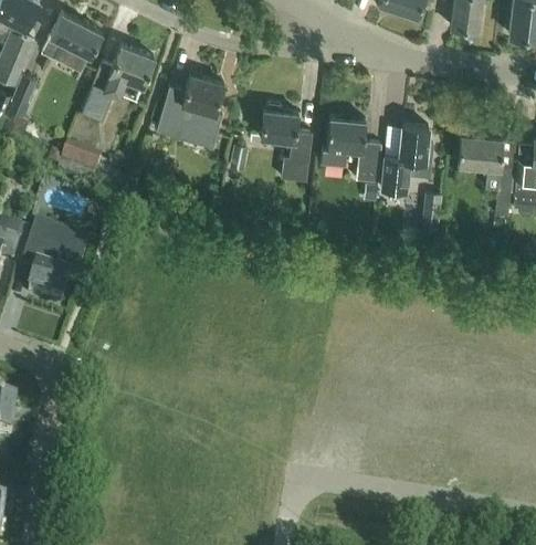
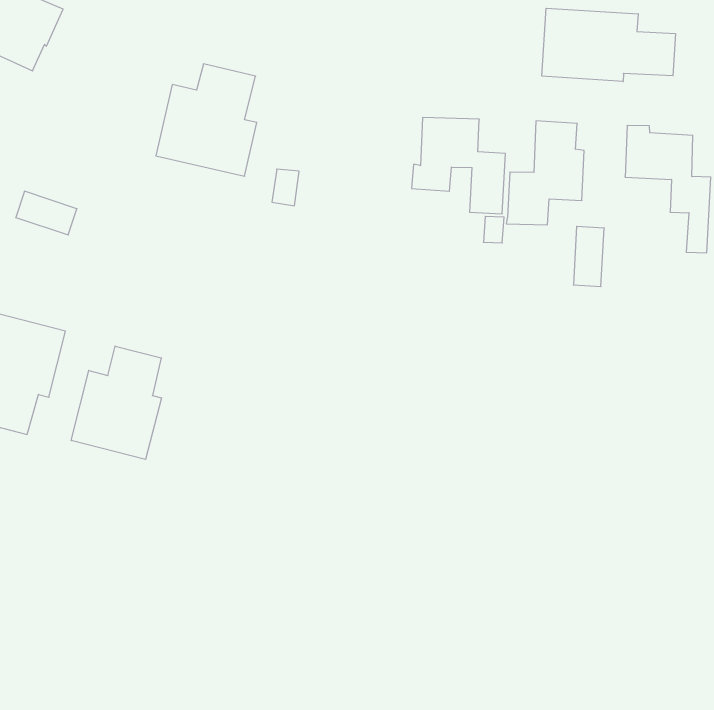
building: [78,43,156,123] -> none
building: none -> [542,8,675,82]
building: [260,104,312,182] -> none
building: none -> [71,346,161,459]

